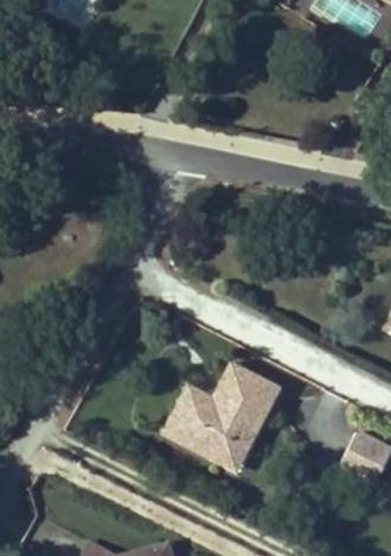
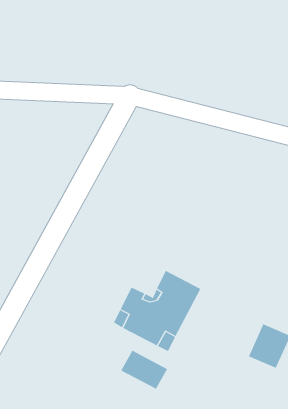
building: none -> [120,350,168,390]

